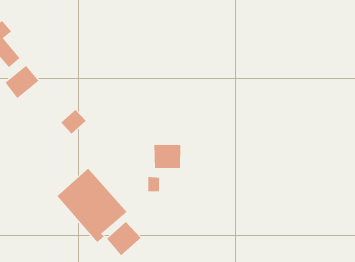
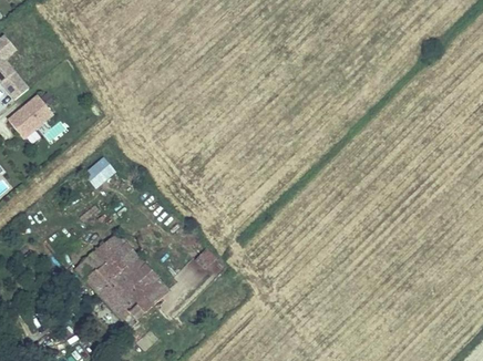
building: [153,144,181,169] -> none
building: [106,221,142,256] -> none

